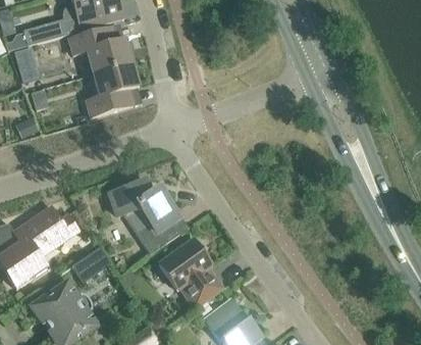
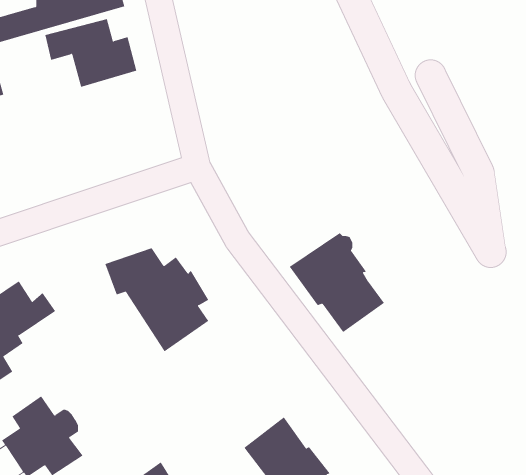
building: [86,62,139,117] -> none
building: [158,240,223,308] -> [289,232,385,333]
building: [70,246,111,283] -> none

